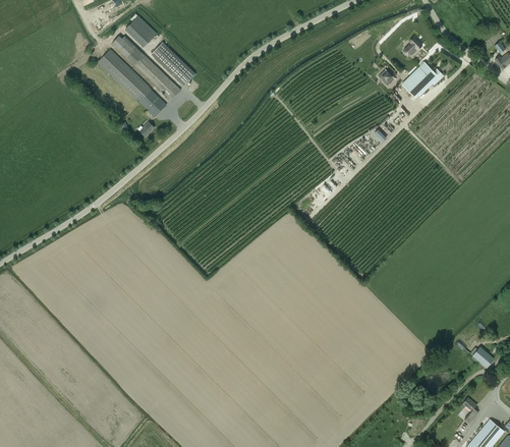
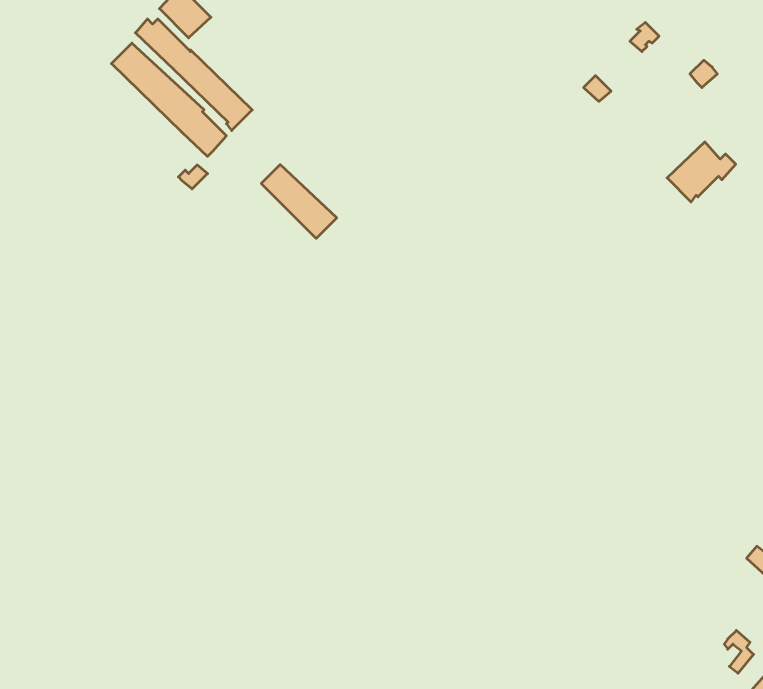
building: [152,43,196,87] -> [261,165,337,238]
building: [402,62,443,98] -> [667,142,736,202]

